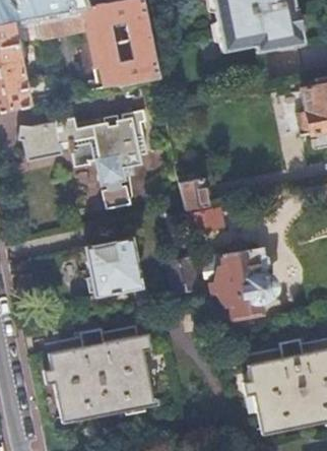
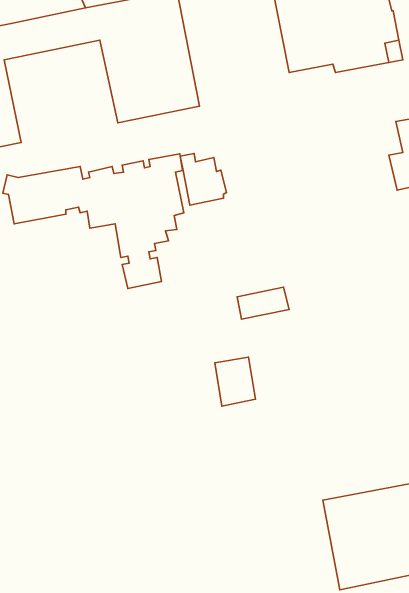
building: [179,174,212,211] -> [180,153,226,205]
building: [86,238,144,297] -> none
building: [202,248,275,317] -> none
building: [51,337,150,416] -> none

